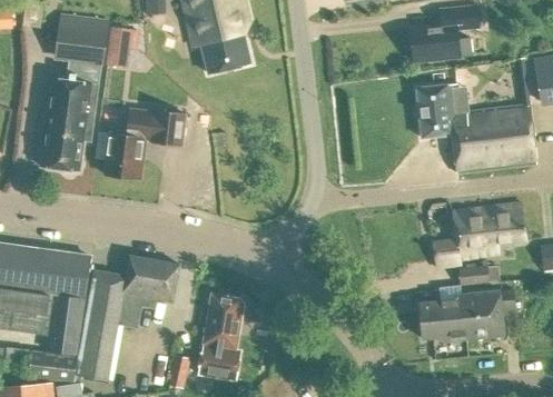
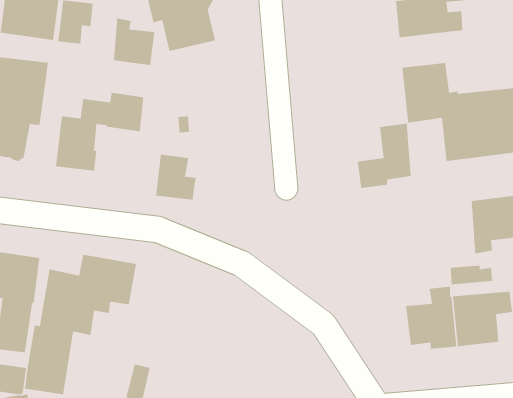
building: none -> [113,18,155,66]
building: none -> [155,154,196,201]
building: [433,208,482,267] -> [357,123,411,189]
building: [197,294,241,378] -> none

